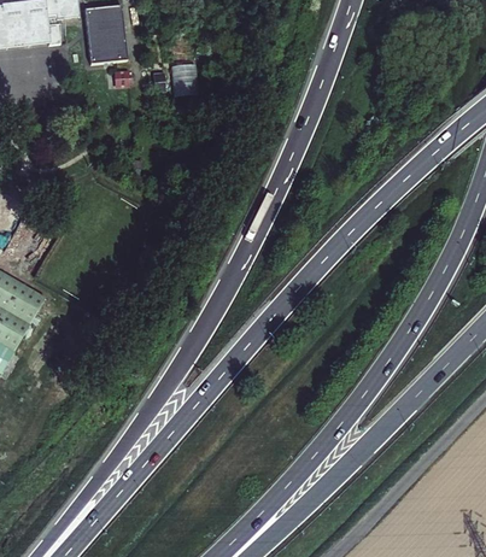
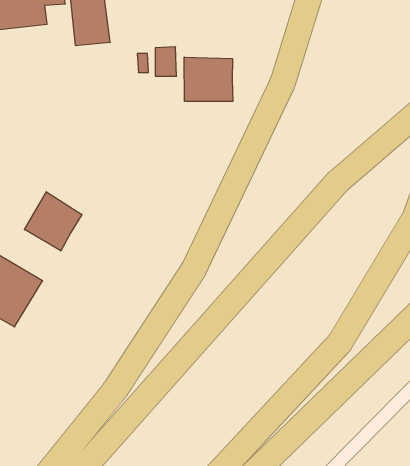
building: none -> [184,57,233,101]
building: none -> [24,192,82,251]

